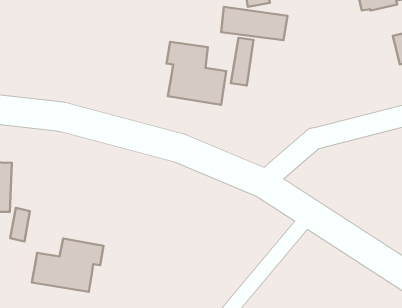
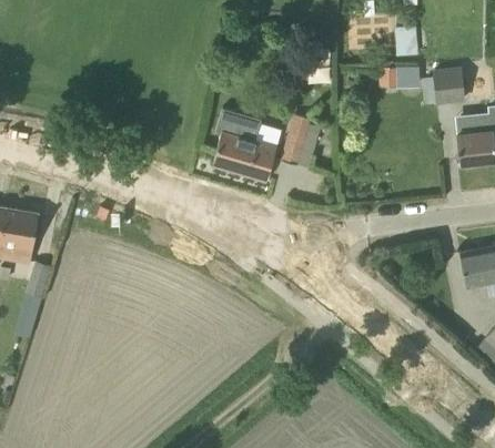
building: [221,7,288,40] -> none
building: [32,239,104,292] -> none

